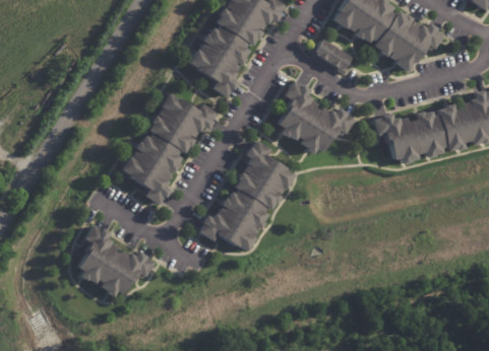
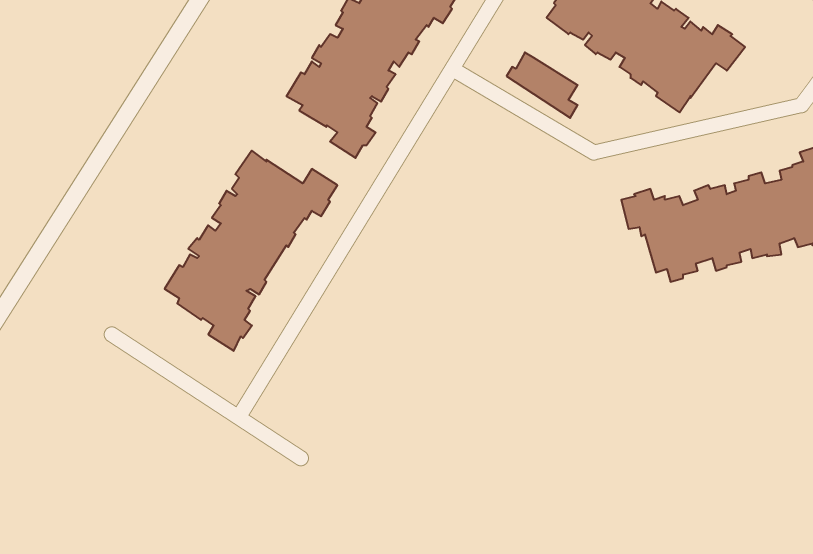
building: [278,80,354,153] -> none
building: [200,139,295,252] -> none
building: [77,224,154,297] -> none

